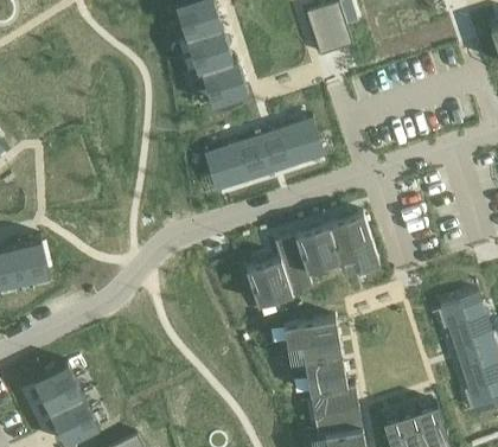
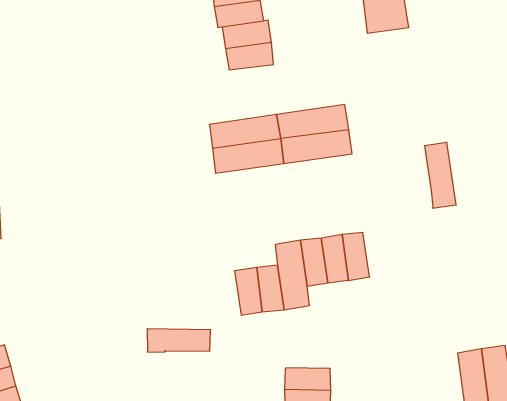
building: [345,215,379,270] -> [425,142,456,208]
building: [283,319,338,346] -> [147,329,211,352]

